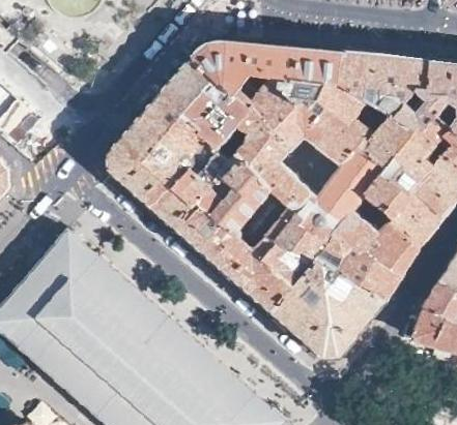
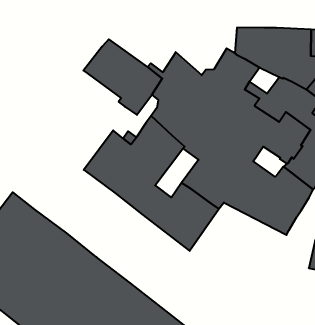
building: [191,41,342,107] -> none
building: [107,93,205,210] -> none
building: [235,191,288,248] -> none
building: [272,257,387,359] -> none

